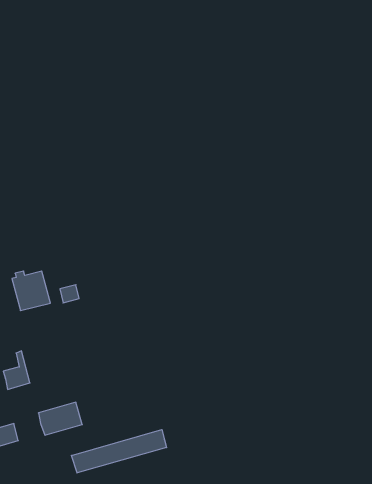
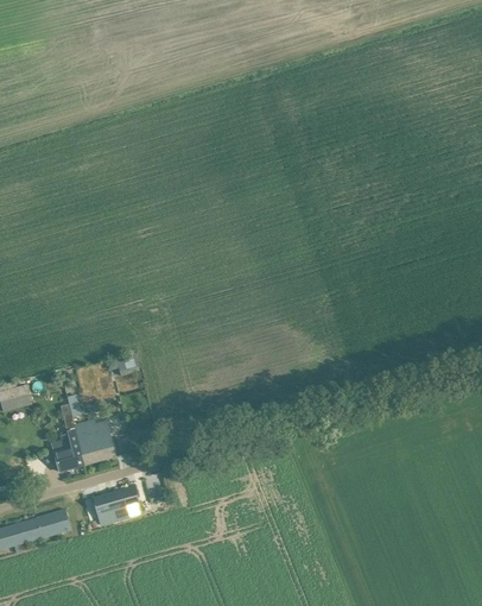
building: [12,271,50,311] -> [72,419,115,463]
building: [71,430,167,473] -> none

